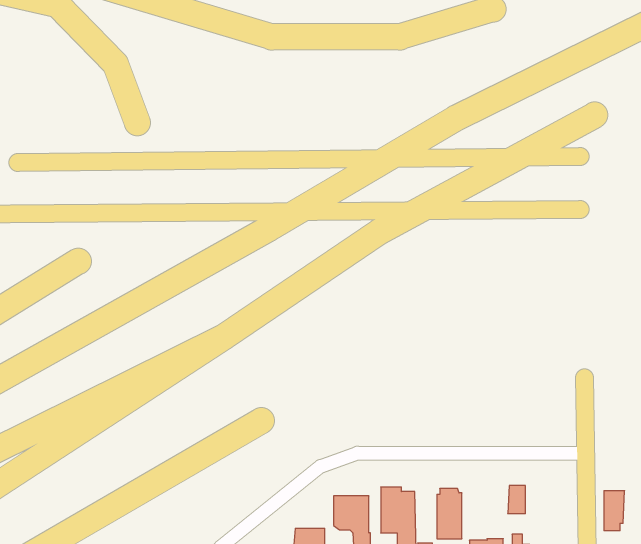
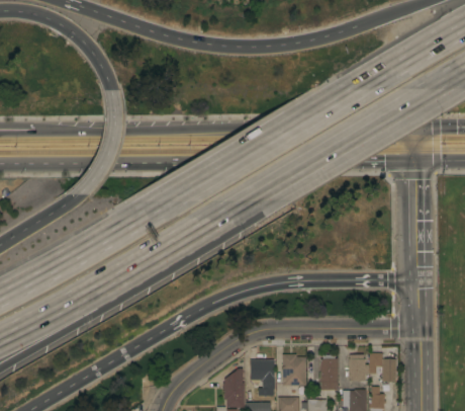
building: none -> [349,353,369,381]
building: [604,491,625,531] -> [382,358,396,386]

